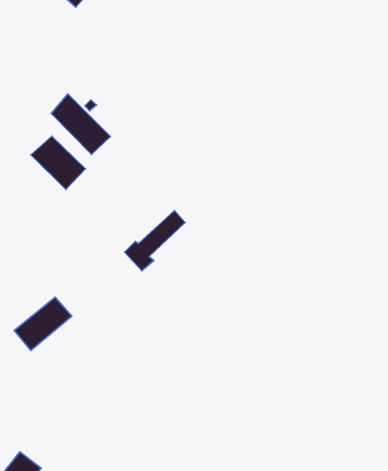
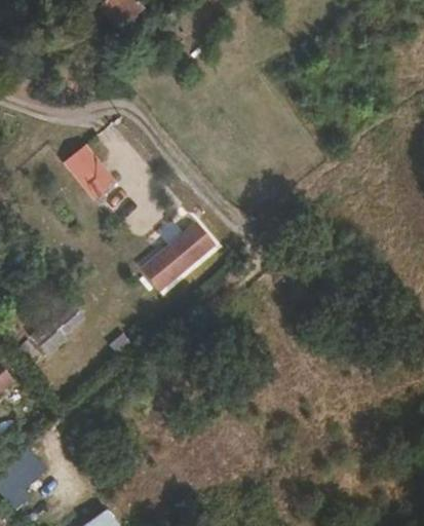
building: [51,94,111,154] -> none

